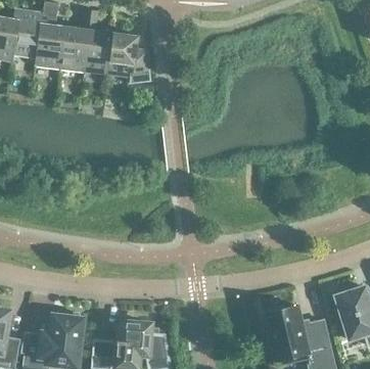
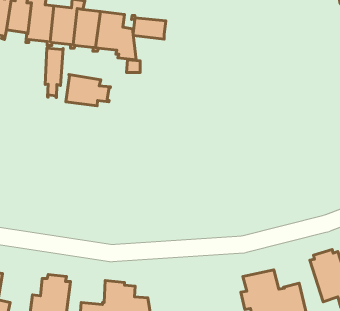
building: none -> [131,15,166,39]
building: none -> [45,48,63,97]
building: none -> [66,74,111,106]

